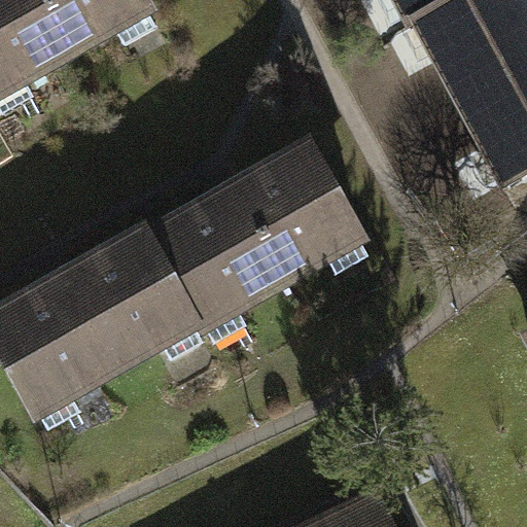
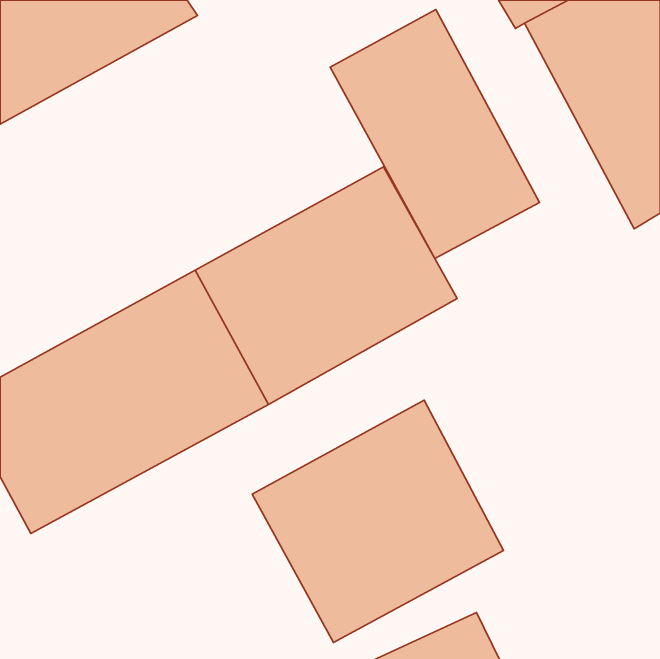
building: none -> [330,9,539,258]
building: none -> [252,400,503,643]

